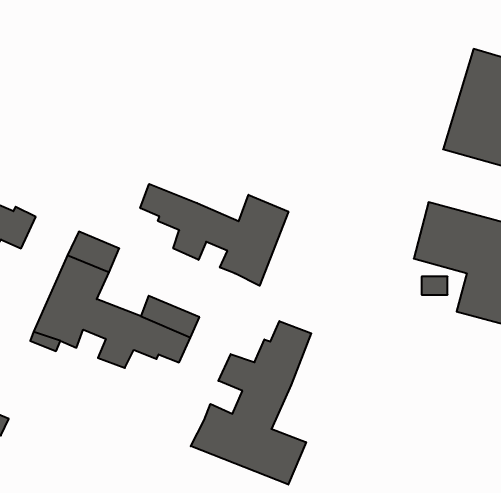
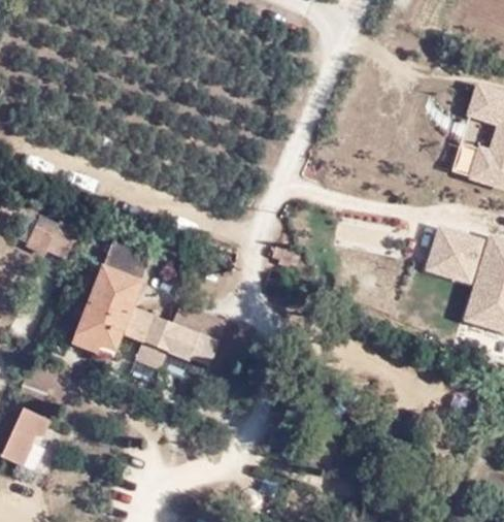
building: [140,184,288,286] -> none
building: [191,321,311,485] -> none

